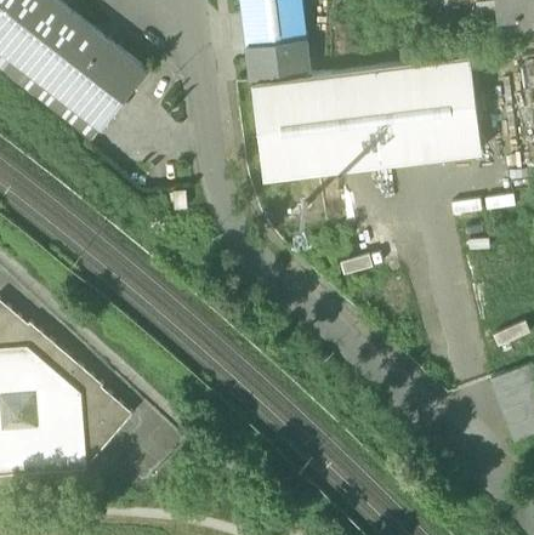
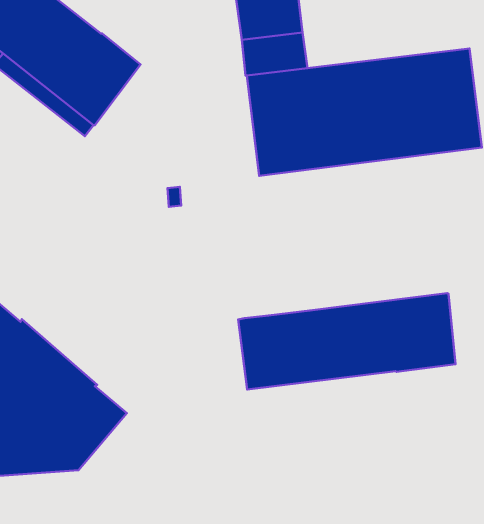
building: none -> [238,293,455,389]

